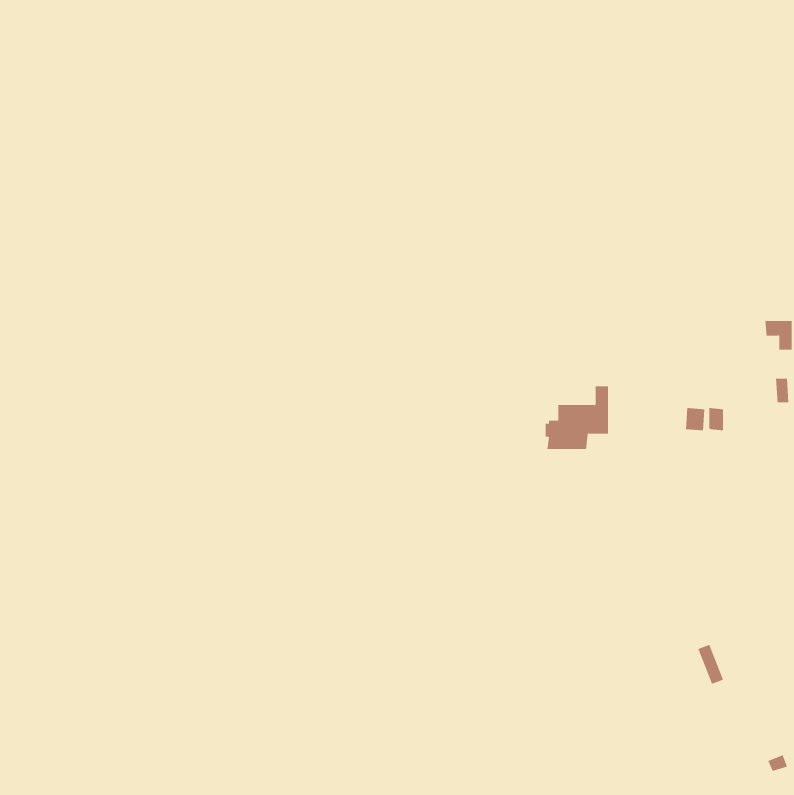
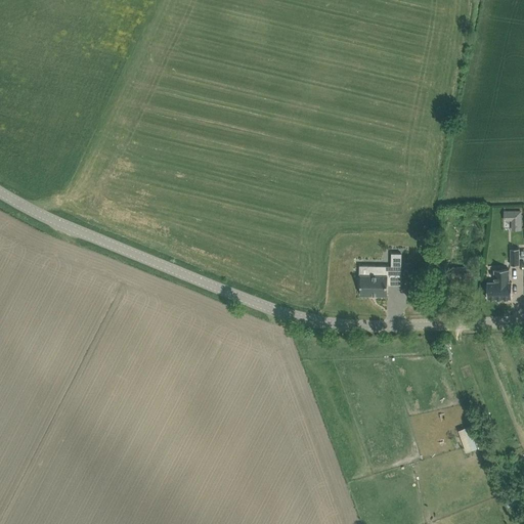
building: none -> [486,269,511,299]

